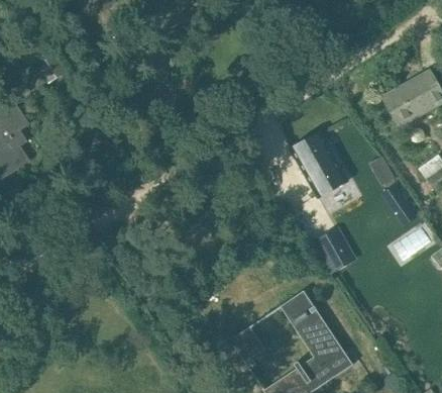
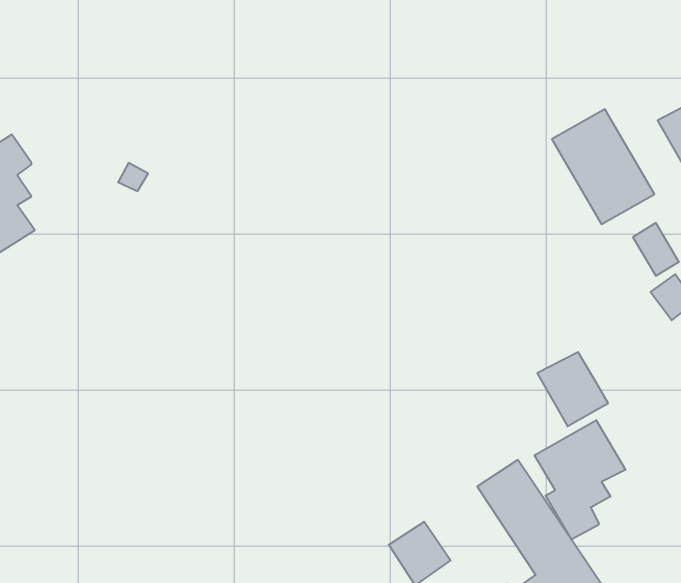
building: [290,131,348,197] -> [552,109,654,224]
building: none -> [535,420,626,539]

